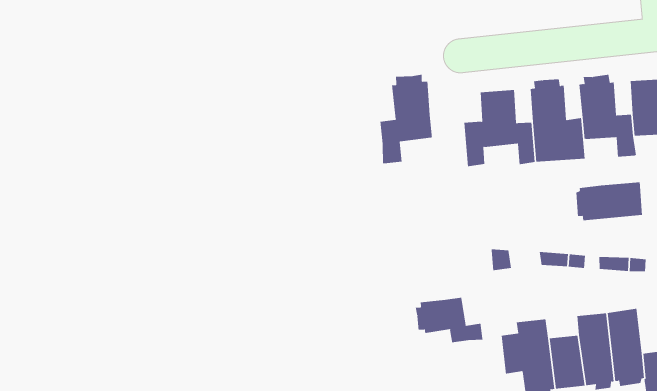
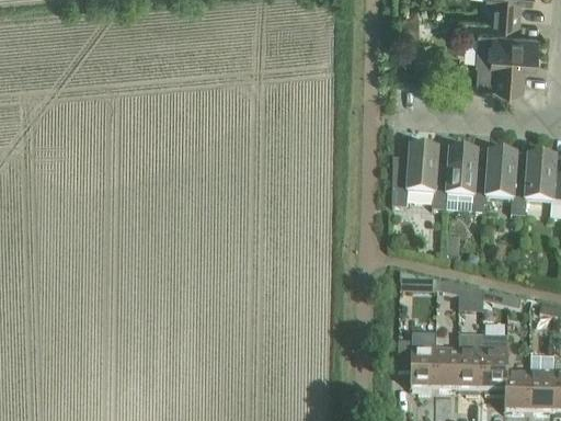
building: [380,74,432,164] -> none
building: [576,181,643,221] -> none
building: [415,297,483,343] -> none

